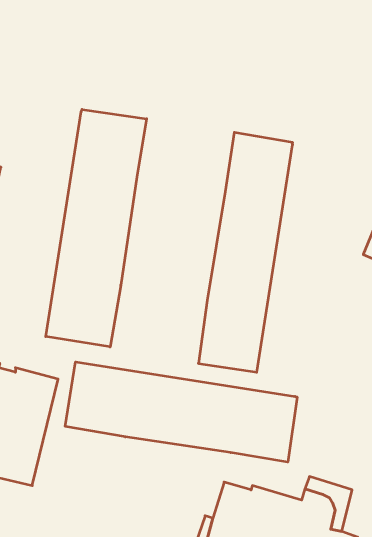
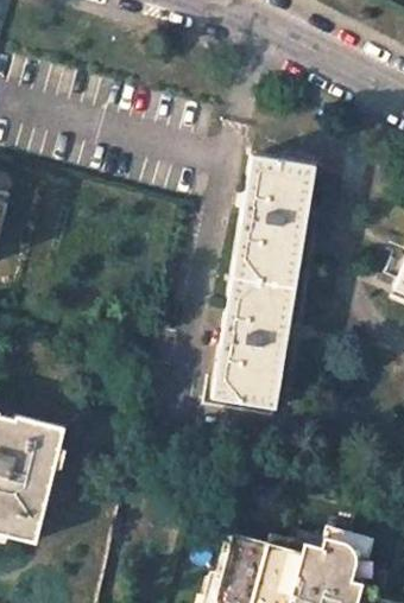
building: [46,109,147,347] -> none
building: [65,362,297,462] -> none

